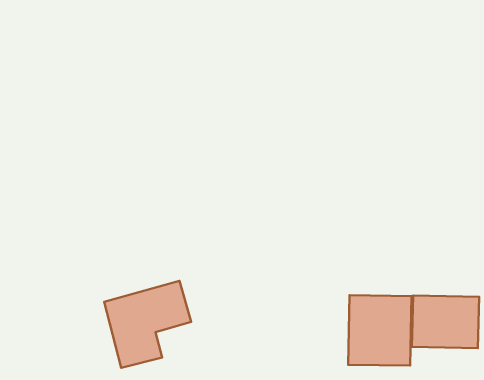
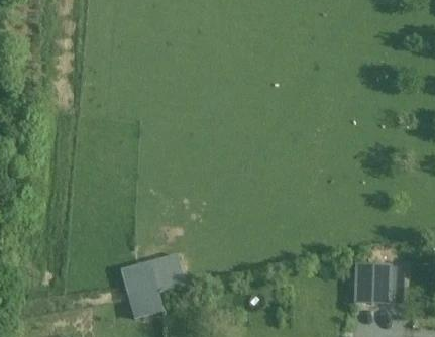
building: [348,295,411,366] -> none

